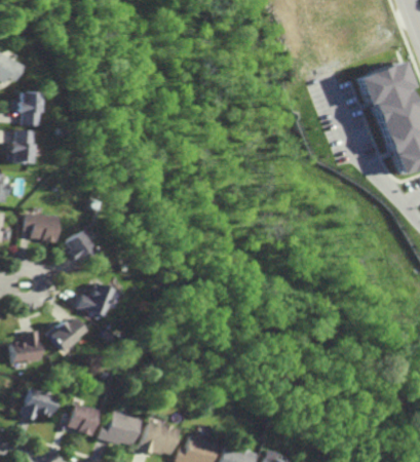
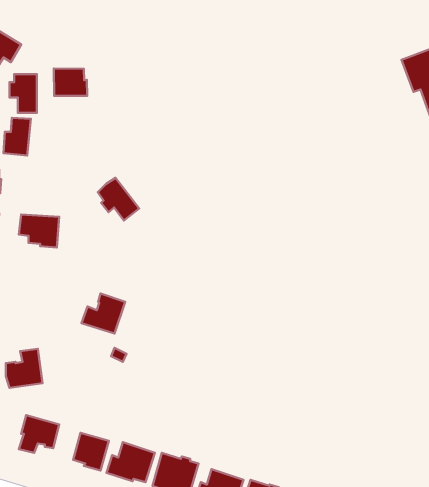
building: none -> [54,68,87,96]
building: [62,230,98,267] -> [98,178,139,220]
building: [49,317,88,351] -> none

